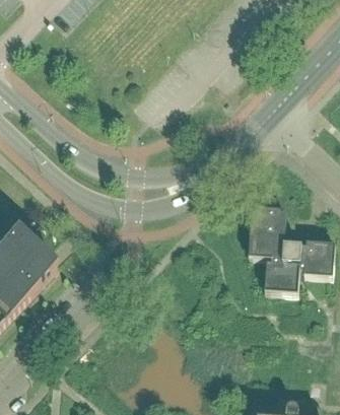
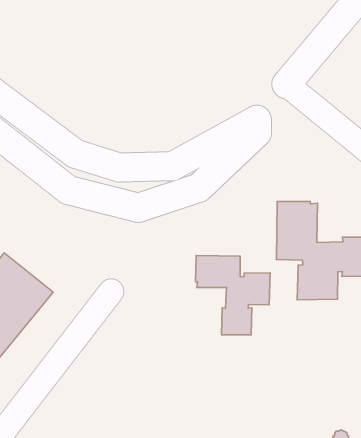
building: none -> [196,256,270,335]

